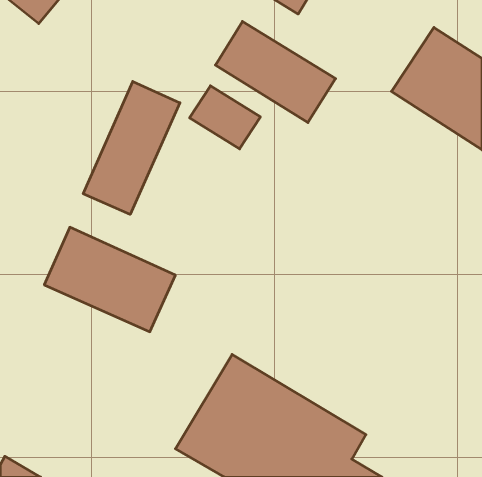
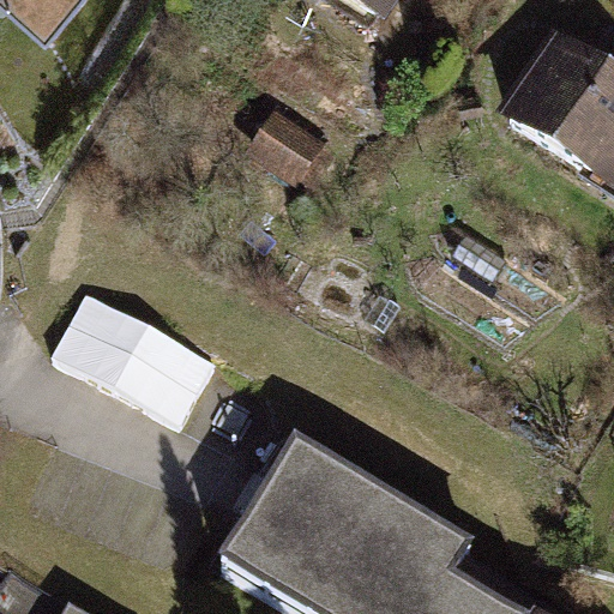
building: [215,21,336,123] -> none
building: [83,81,180,214] -> none

